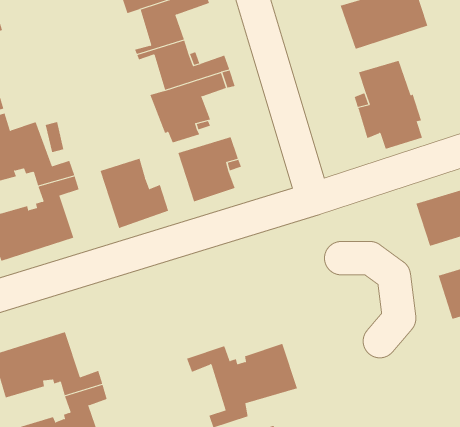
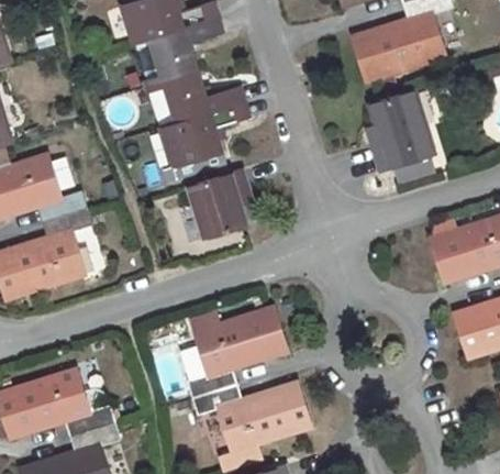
building: [100,158,169,229] -> none
building: none -> [190,308,286,397]

